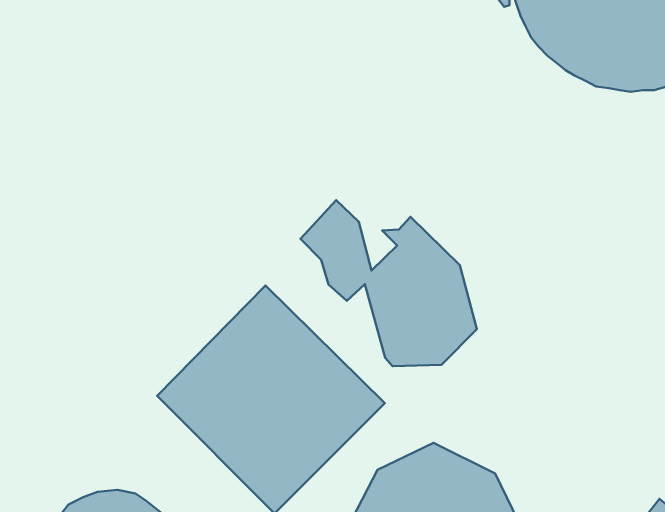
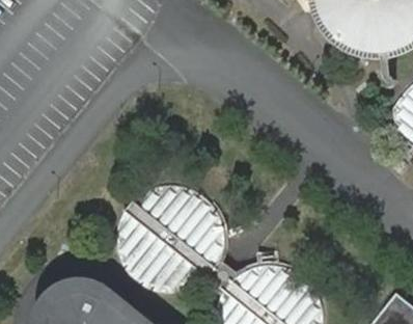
building: [300,200,477,366] -> none

